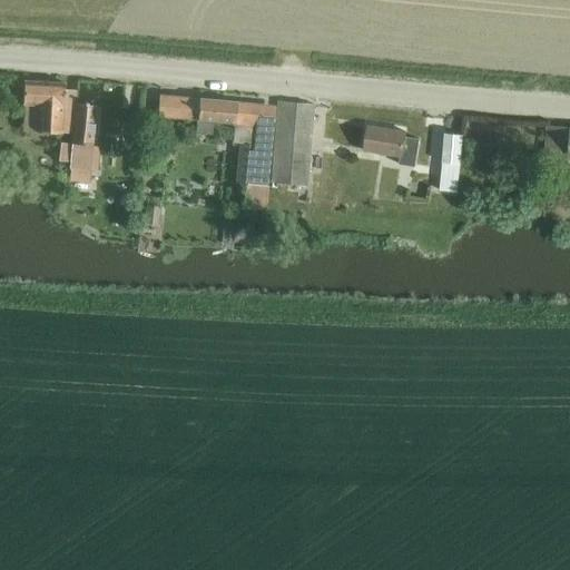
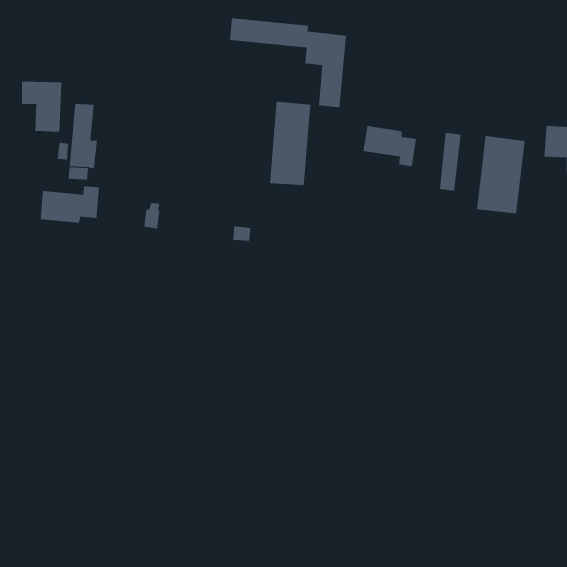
building: [156,94,274,184] -> [229,18,347,108]
building: none -> [476,135,525,214]
building: none -> [40,185,100,223]

